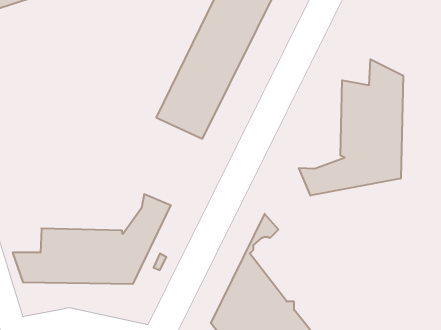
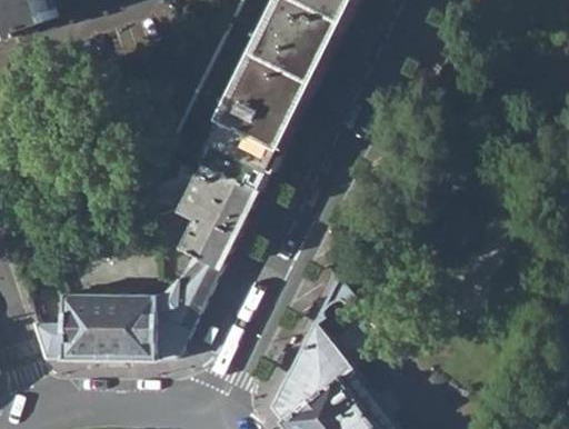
building: [299,59,403,196] -> none
building: none -> [179,159,259,265]

